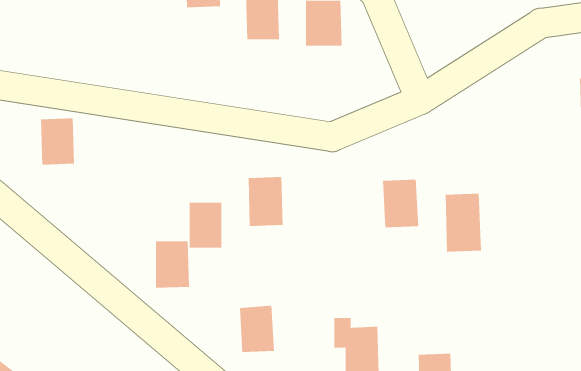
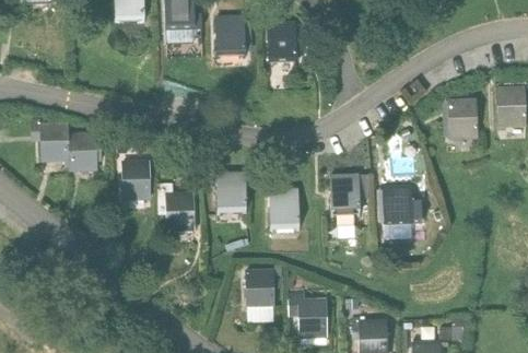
building: none -> [450,98,478,139]
building: none -> [67,132,95,172]
building: none -> [269,188,300,232]
building: [155,241,190,288] -> [120,161,150,201]
building: [239,305,275,353] -> [245,270,275,310]

